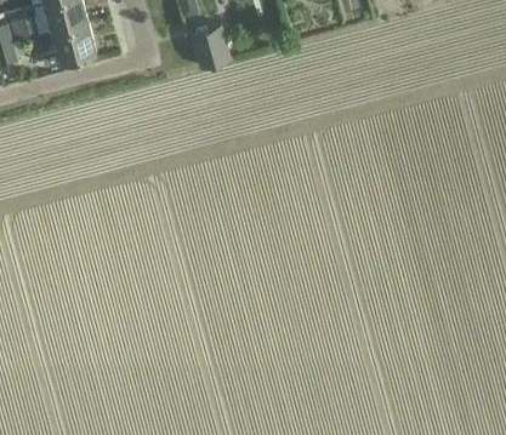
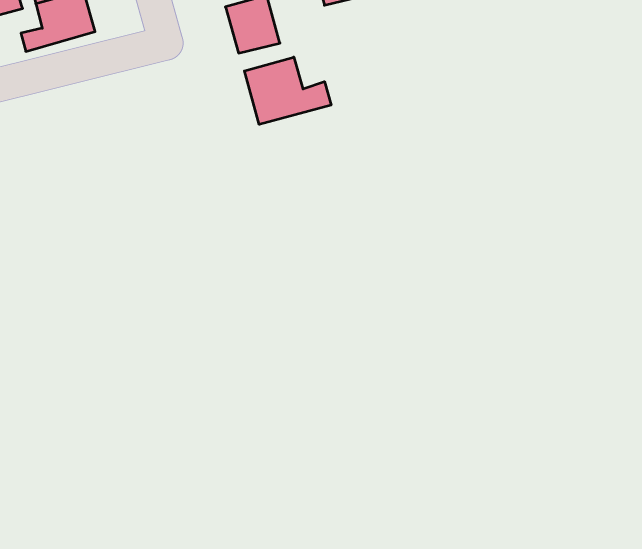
building: none -> [244,57,331,124]

